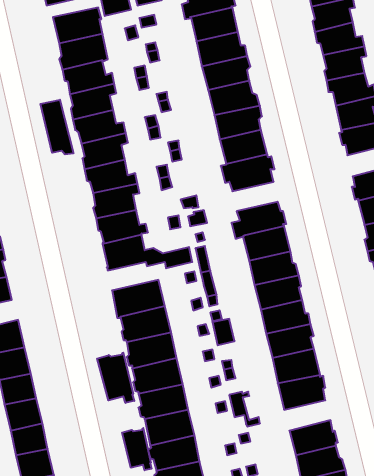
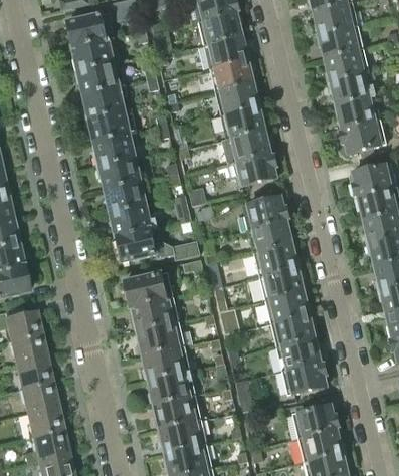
building: [40,100,73,154] -> none
building: [97,353,134,403] -> none
building: [122,428,152,470] -> none

